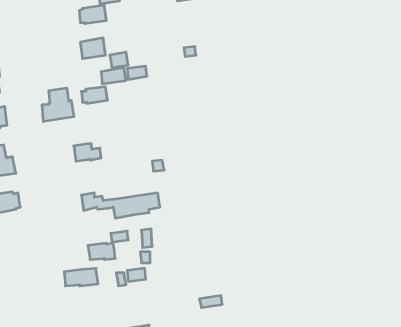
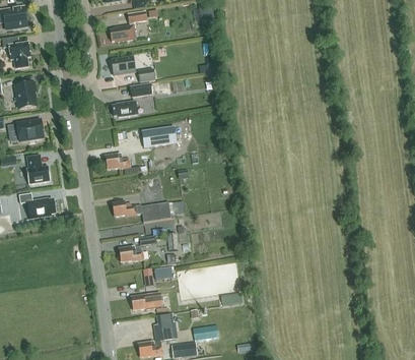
building: [42,88,74,122] -> none
building: none -> [142,127,176,147]
building: [64,268,98,286] -> [131,293,162,309]

